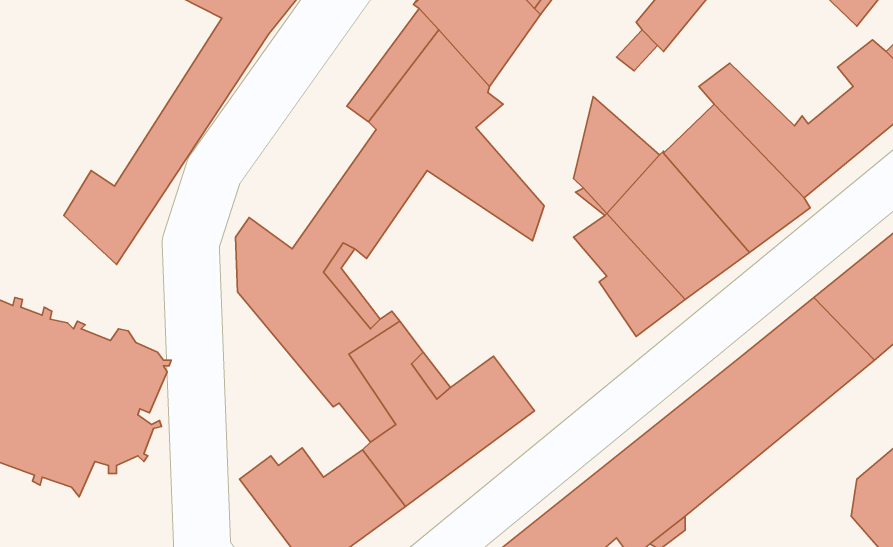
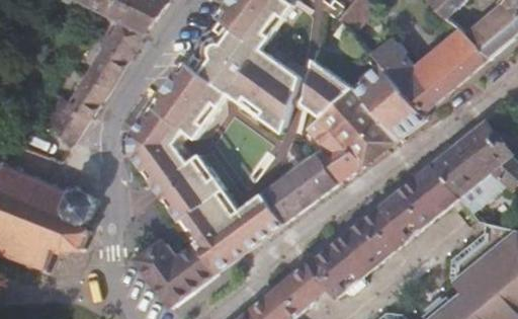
building: none -> [138,61,203,138]
building: none -> [255,63,299,115]
building: none -> [264,155,338,222]

